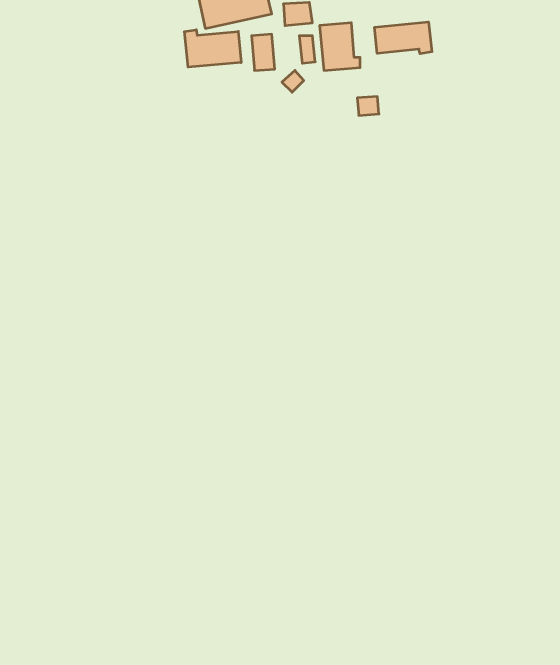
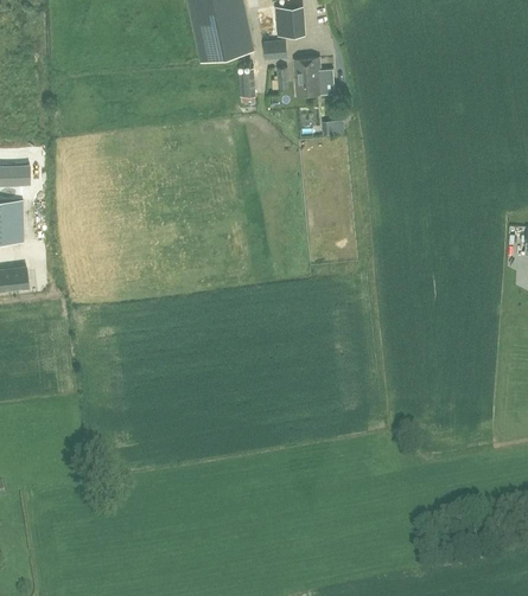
building: [375,22,432,54] -> none
building: [184,30,241,67] -> none

